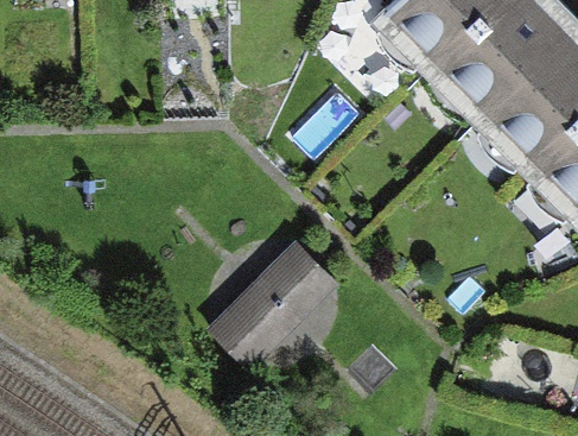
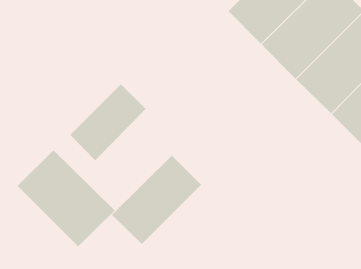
building: none -> [70,83,146,161]
building: none -> [17,149,115,247]

